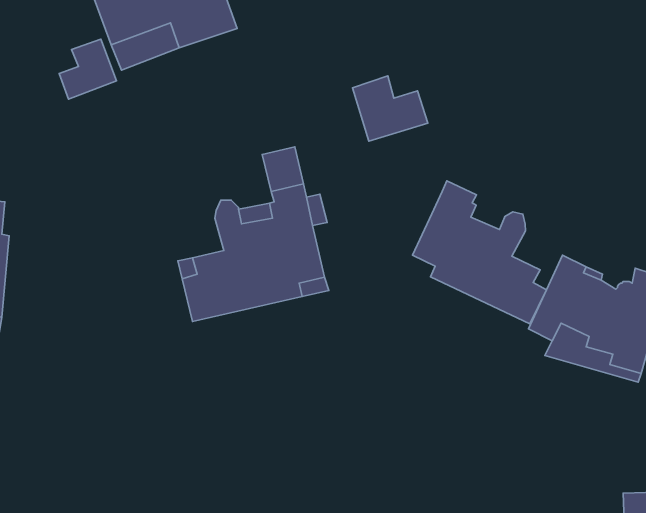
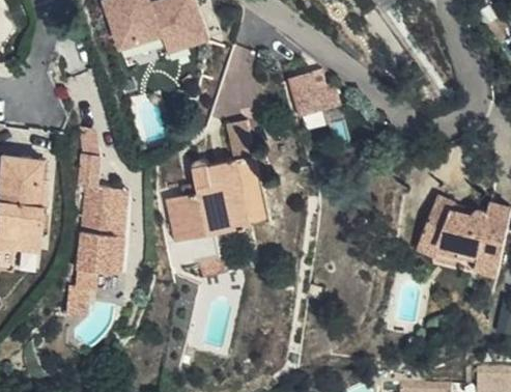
building: [59,39,116,99] -> none
building: [412,181,547,324] -> none
building: none -> [79,156,126,289]

